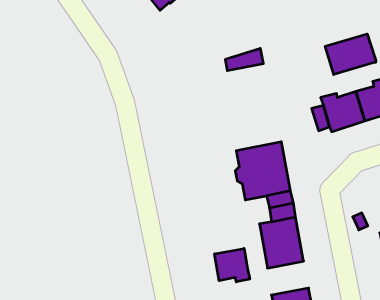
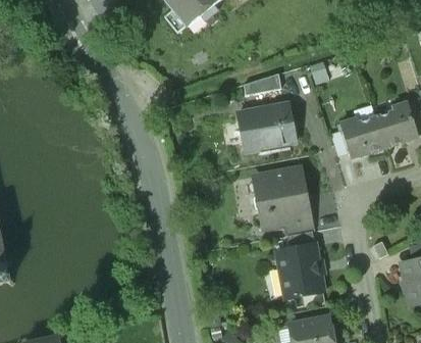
building: [325,34,376,75] -> none
building: none -> [236,101,295,150]
building: [215,248,250,282] -> none

